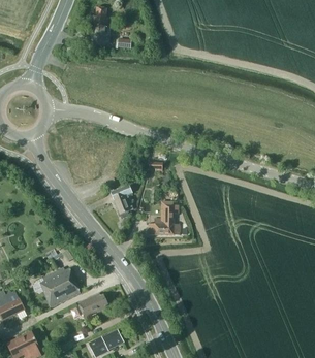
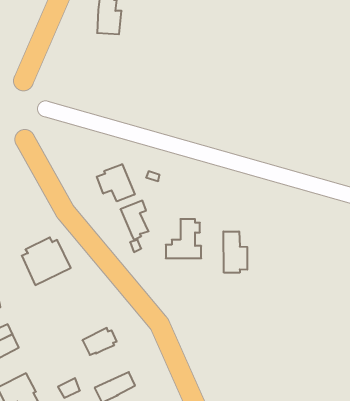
building: none -> [97,164,135,201]
building: none -> [223,231,247,273]
building: [38,267,80,307] -> [22,237,71,285]

